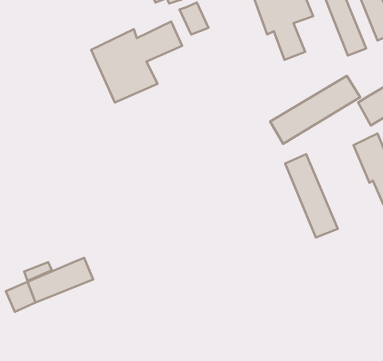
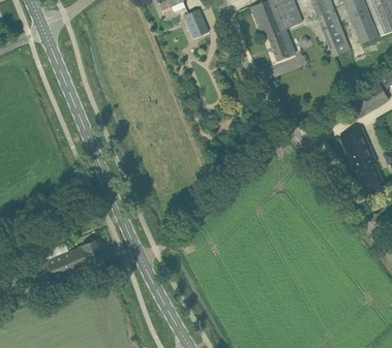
building: [91,22,182,103] -> none
building: [270,76,360,144] -> none
building: [285,154,338,237] -> none

